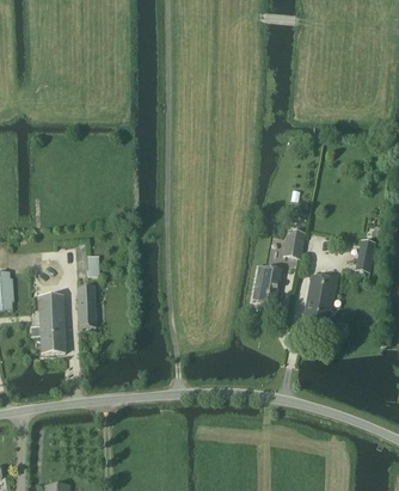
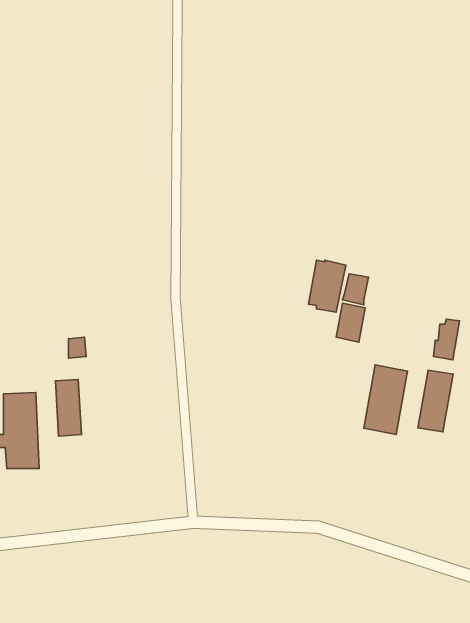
building: [254,264,282,302] -> [308,260,346,312]
building: none -> [418,370,453,432]

